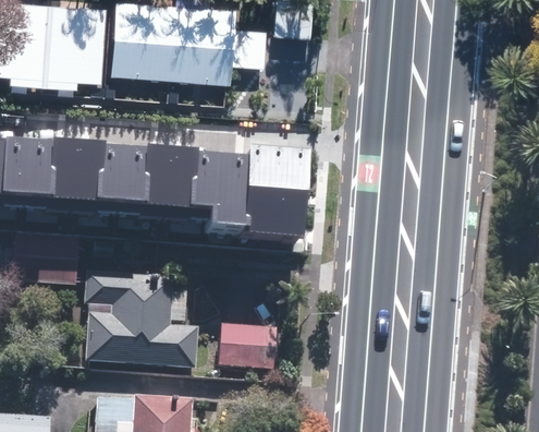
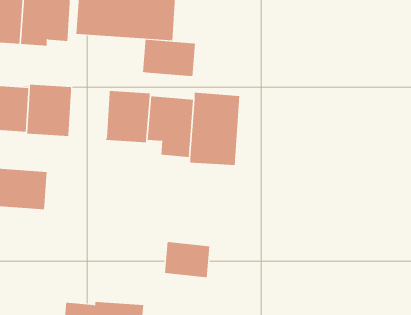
building: none -> [143,39,195,77]
building: [102,143,150,200] -> none
building: [84,273,196,365] -> none

